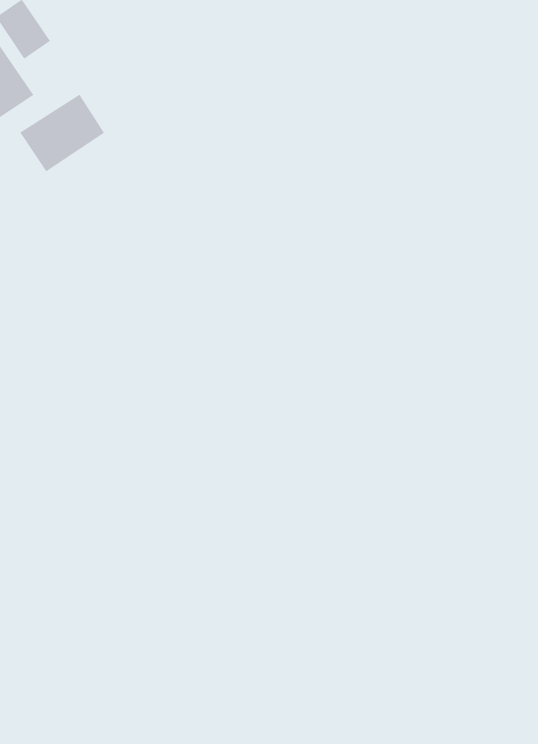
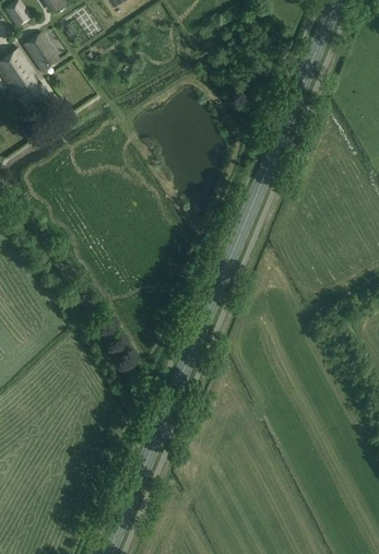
building: [19,94,105,172] -> none

